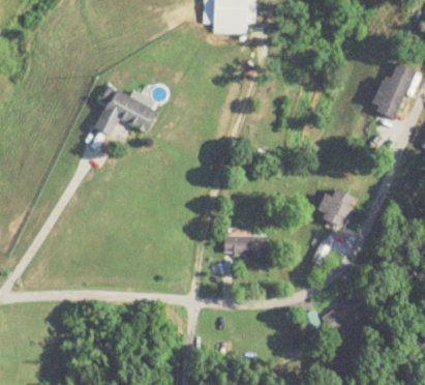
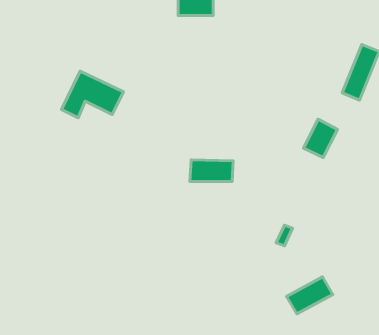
building: [322,188,356,227] -> [304,119,338,157]
building: [222,235,266,257] -> [190,160,233,181]

